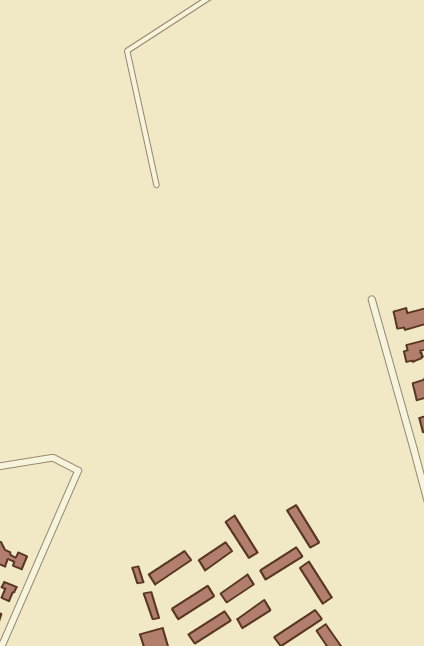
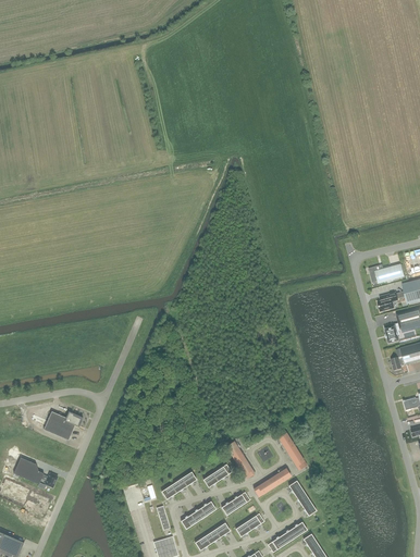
building: none -> [44,411,83,440]

